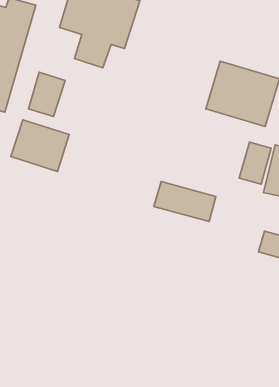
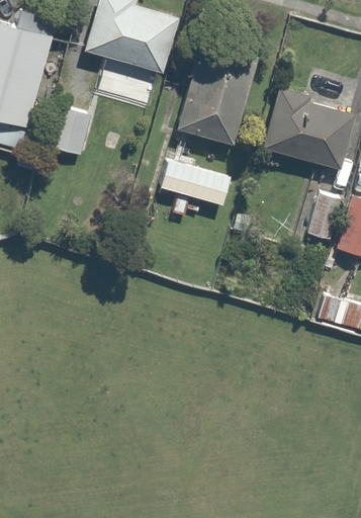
building: none -> [176,47,253,145]
building: [11,120,69,171] -> none
building: [154,181,216,222] -> [159,159,234,207]

